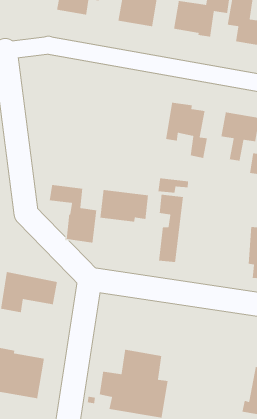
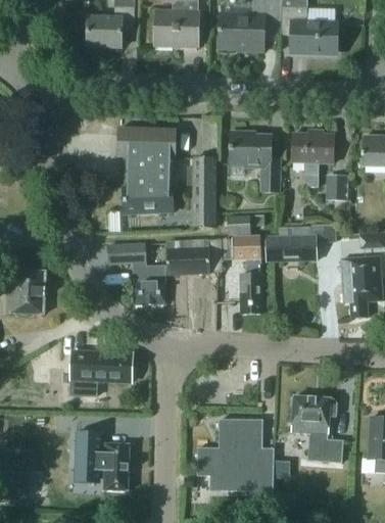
building: none -> [117,126,176,212]
building: none -> [193,156,215,226]
building: none -> [268,224,338,260]
building: none -> [290,393,342,461]

